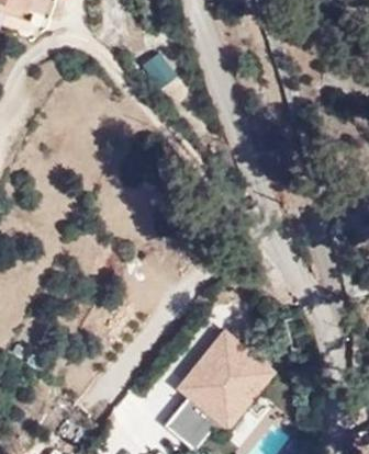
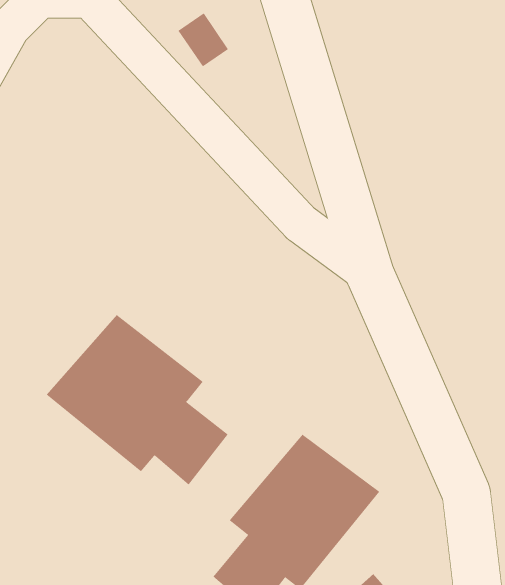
building: none -> [46,314,229,485]

